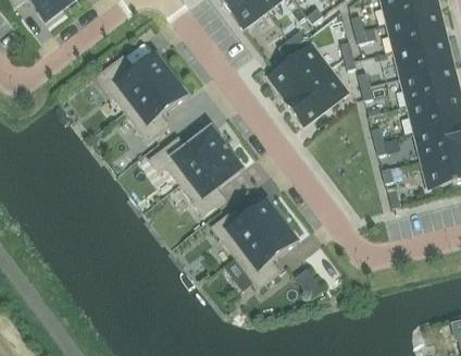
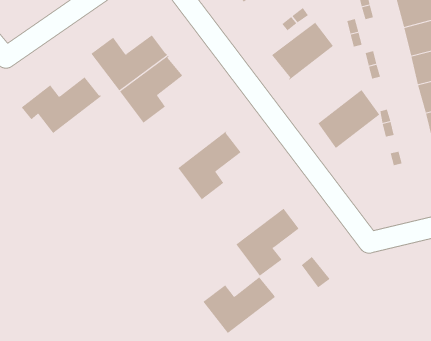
building: [287,66,347,123] -> [317,89,380,149]
building: [150,128,227,183] -> [21,77,102,134]
building: [212,201,282,256] -> [202,277,276,334]

